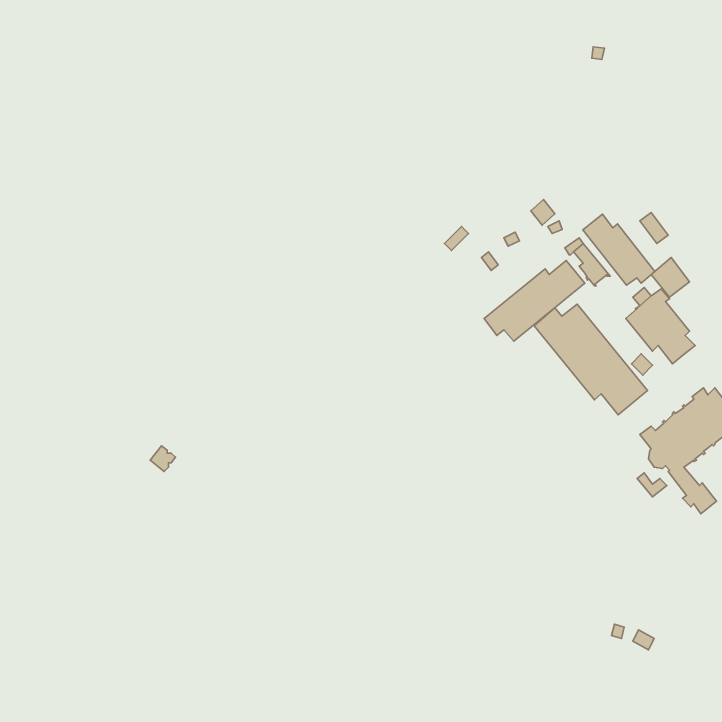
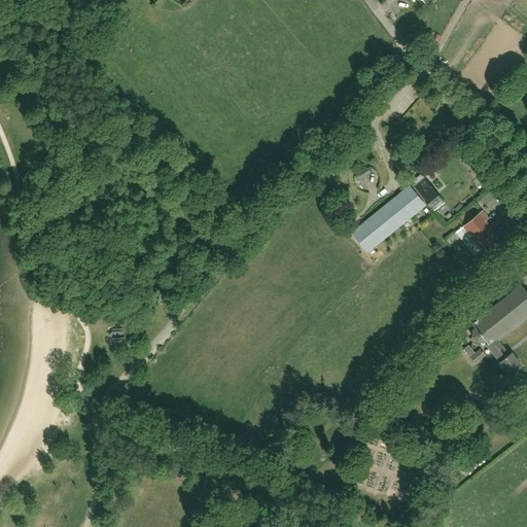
building: [583,214,655,285] -> none
building: [534,304,647,415] -> none

